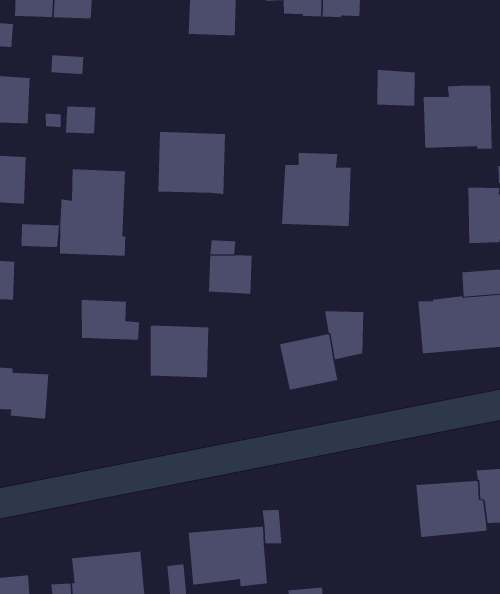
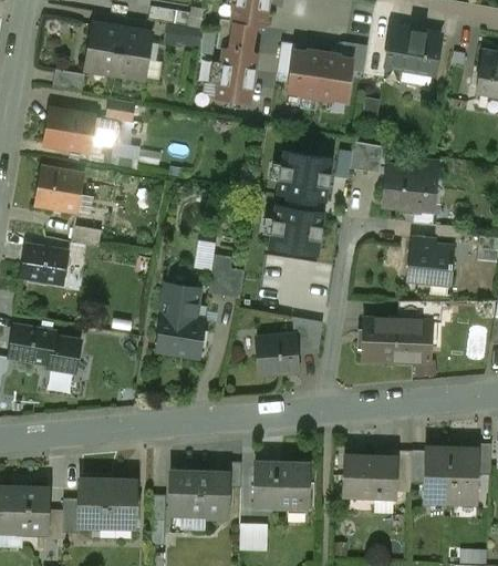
building: [157,131,226,195] -> [277,151,333,204]
building: [59,168,126,256] -> none
building: [81,300,140,340] -> [162,285,207,320]
building: none -> [253,463,309,507]

